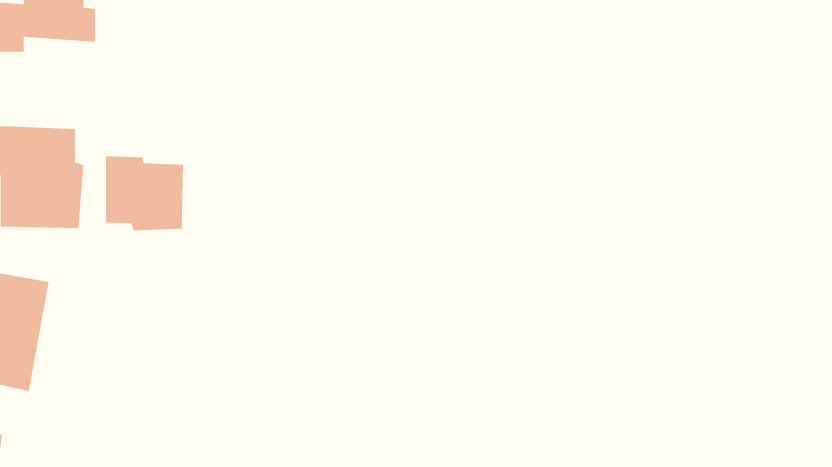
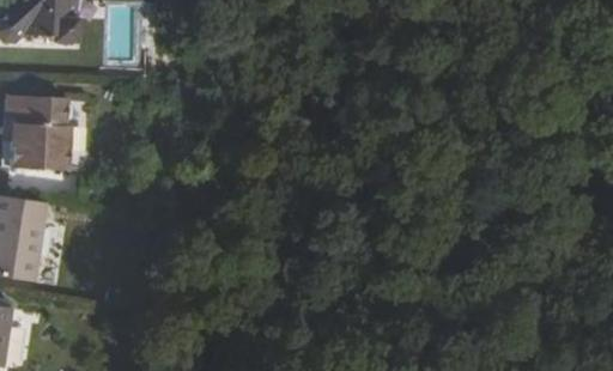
building: [105,155,184,231] -> none

